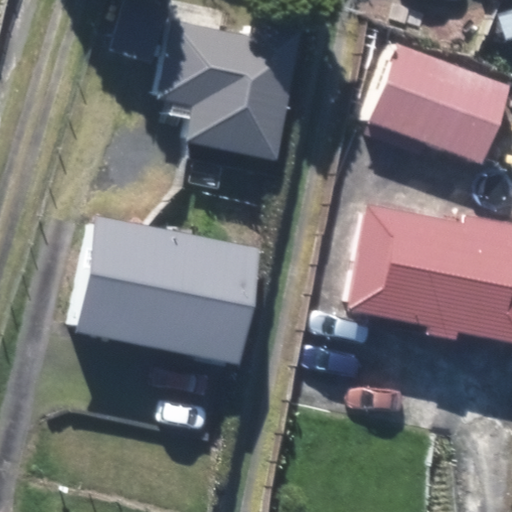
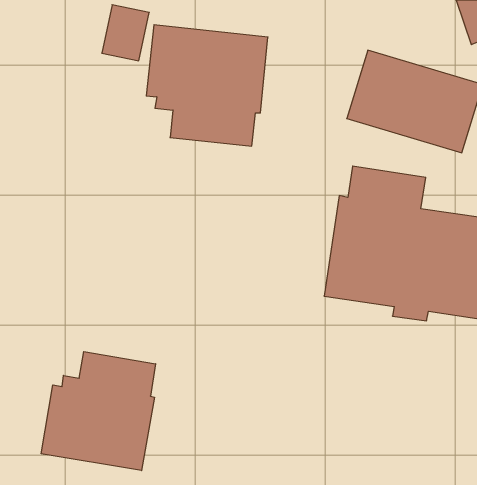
building: [76,220,255,360] -> none
building: none -> [41,352,156,471]

